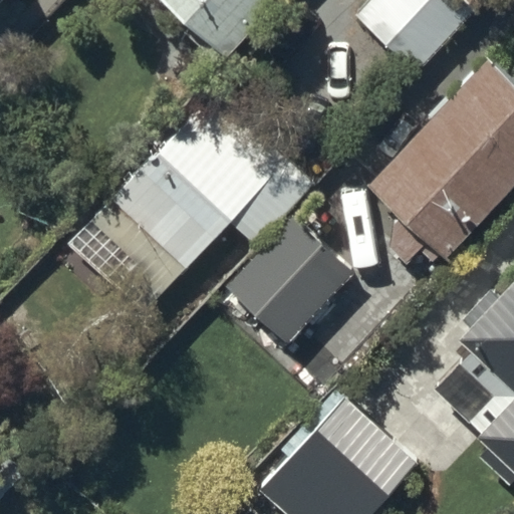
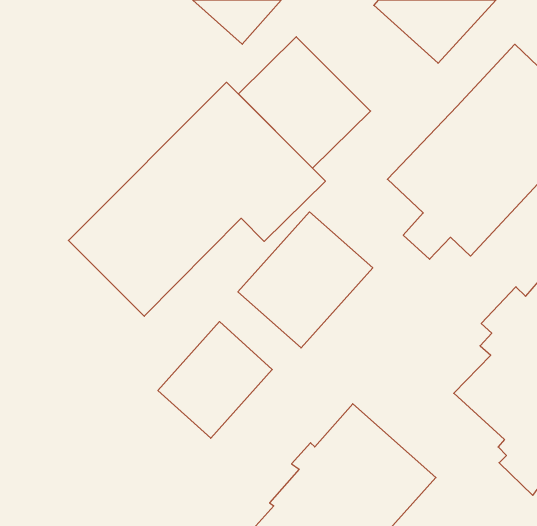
building: none -> [238,37,371,168]
building: none -> [158,322,272,438]

